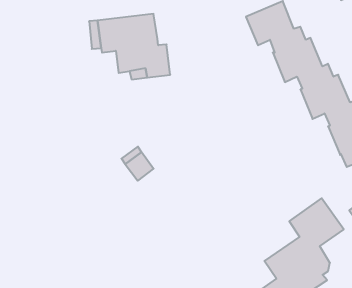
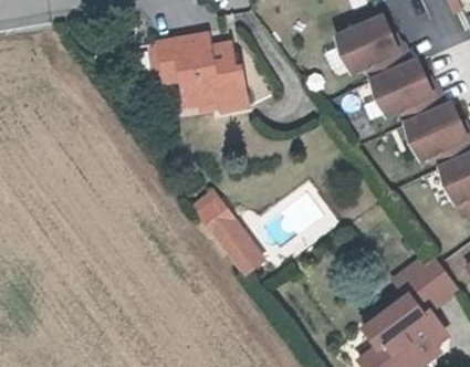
building: none -> [212,218,261,274]

